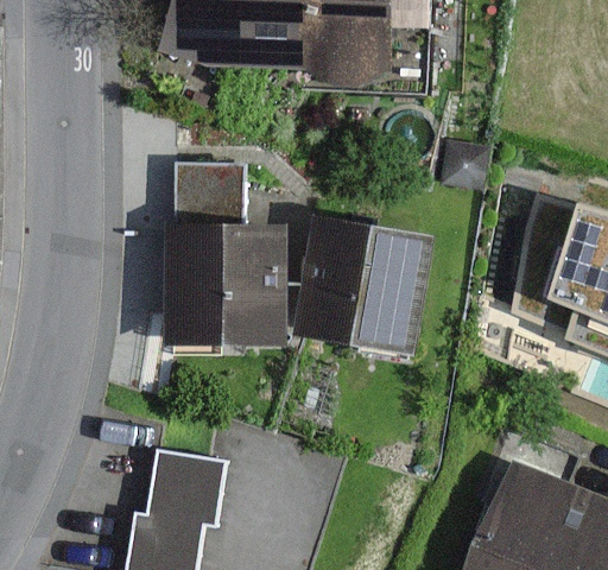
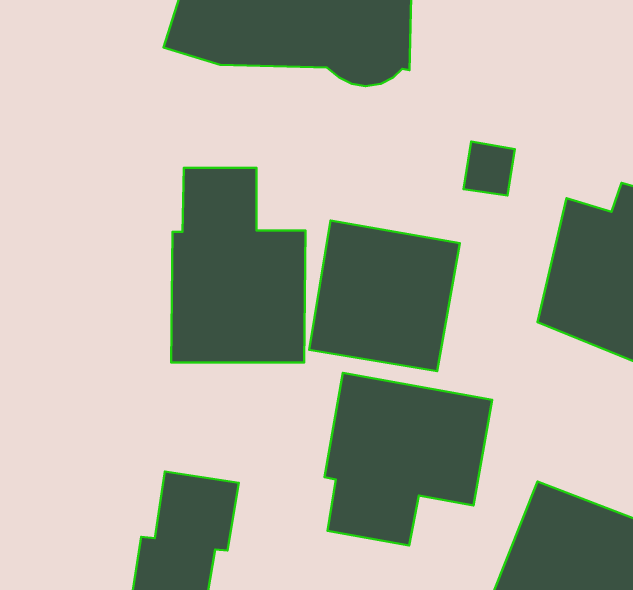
building: none -> [325,373,492,546]

